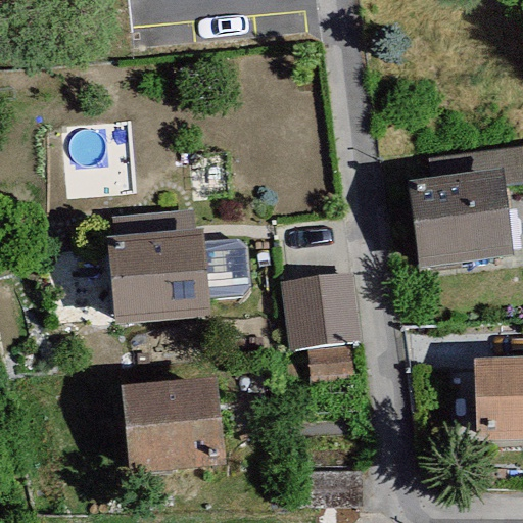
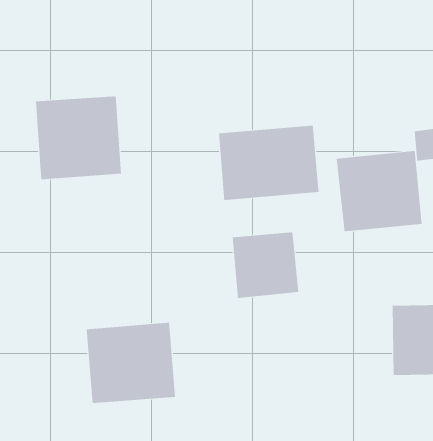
building: none -> [219,125,319,201]
building: [103,224,204,322] -> [35,96,122,180]

